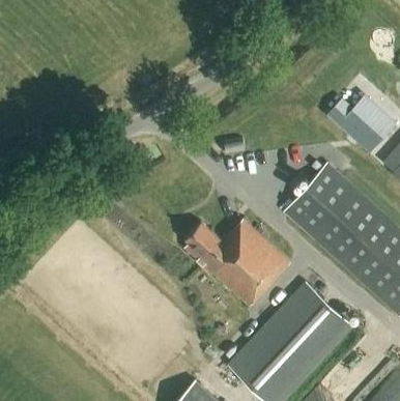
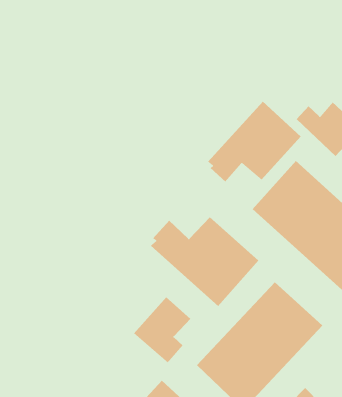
building: none -> [207,101,302,182]
building: none -> [133,297,191,363]

